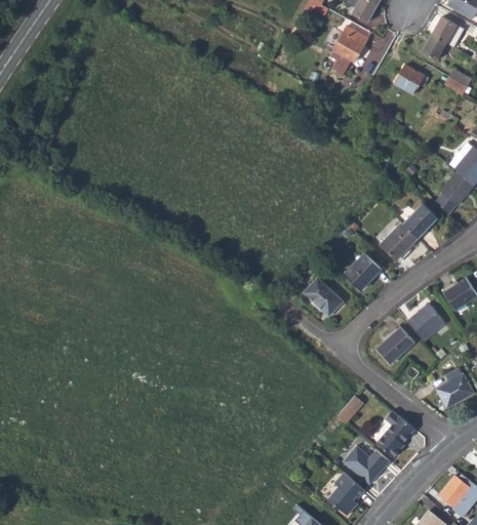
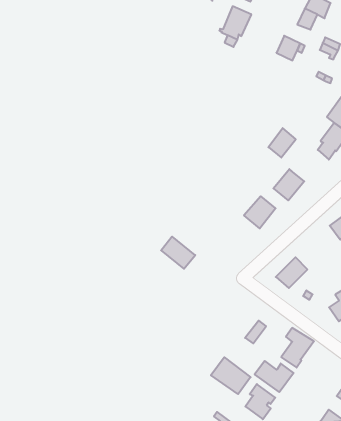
building: [403,203,436,238] -> [268,128,296,158]
building: [304,277,344,316] -> [161,237,195,269]
building: [407,304,445,340] -> none
building: none -> [211,357,251,394]

